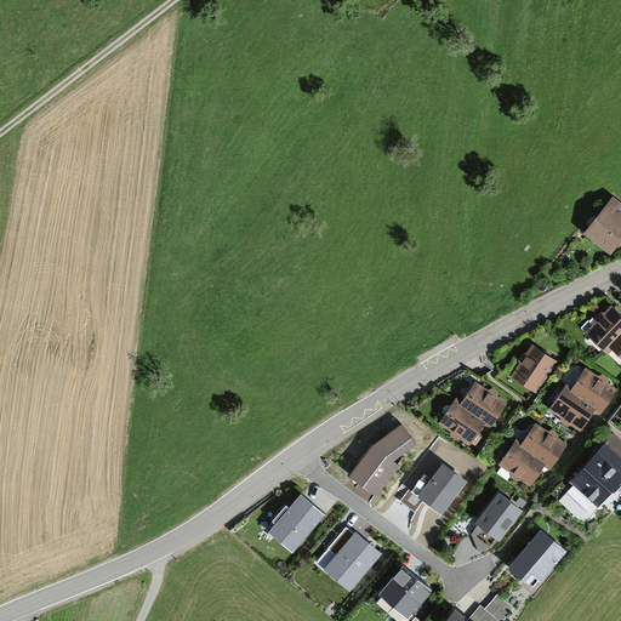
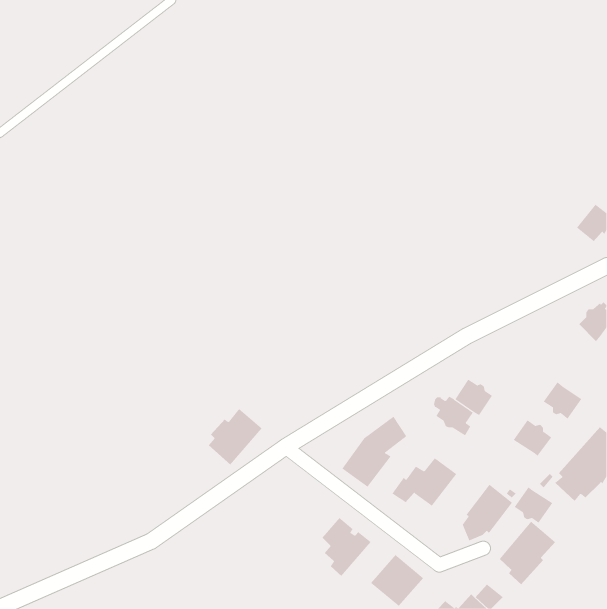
building: [515,347,553,387] -> none
building: [574,372,613,410] -> none
building: [503,444,543,482] -> [514,486,553,523]
building: [268,492,324,551] -> [208,408,263,465]

